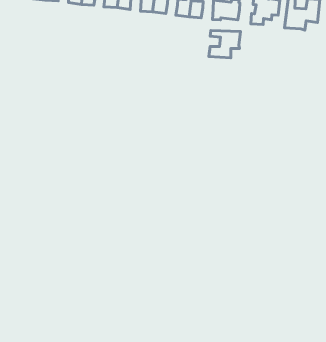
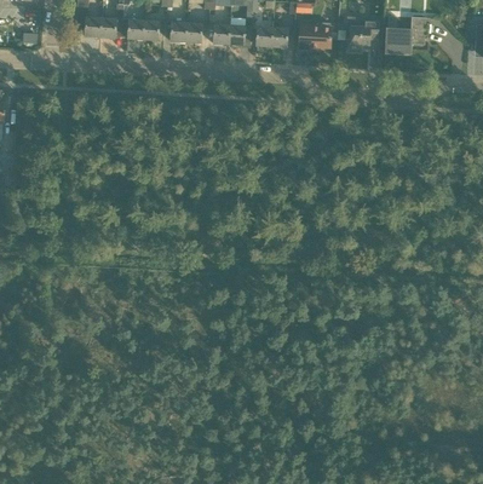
building: [209,30,240,58] -> none

